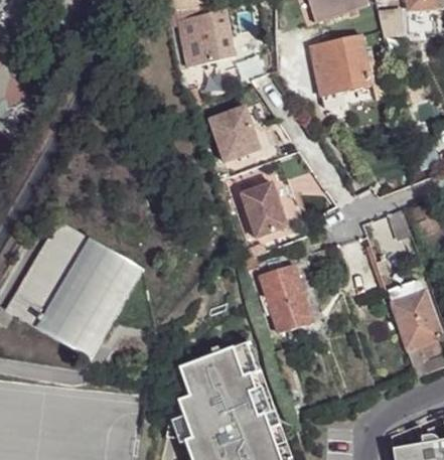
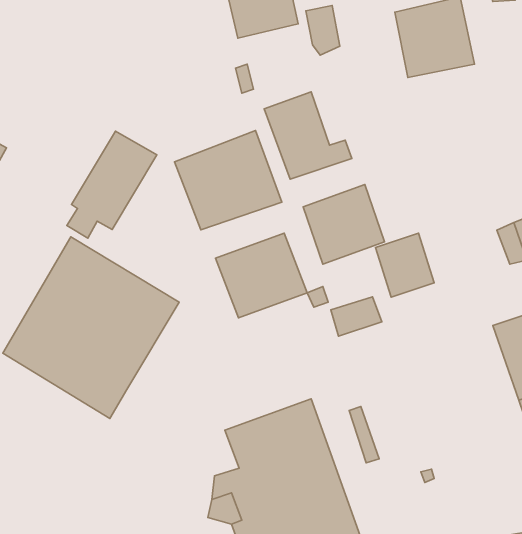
building: none -> [174,131,282,230]
building: none -> [67,131,157,238]
building: none -> [216,233,307,318]
building: [266,284,311,333] -> [375,233,434,297]

